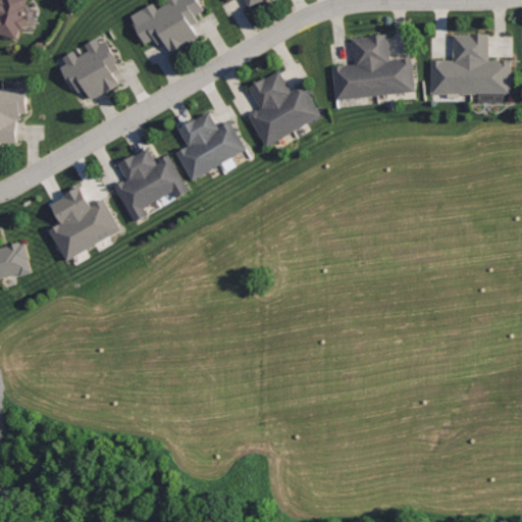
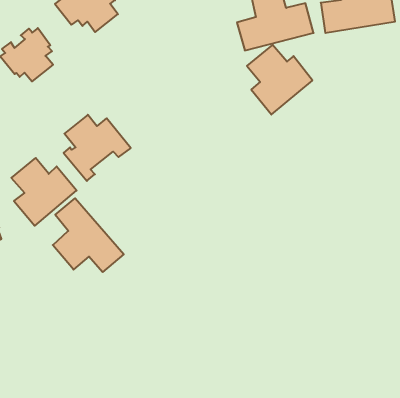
building: [246,68,317,147] -> [247,45,312,115]
building: [175,110,245,179] -> none
building: none -> [53,198,124,272]

